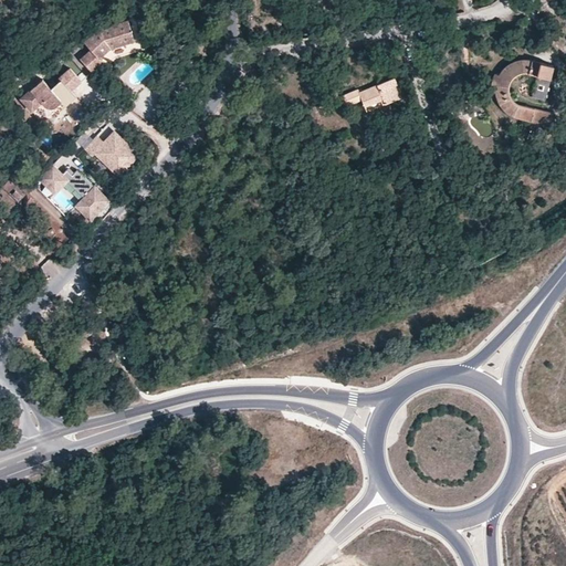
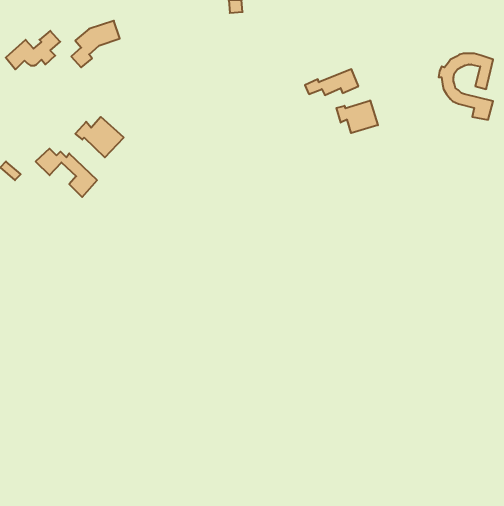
building: [20,71,81,114] -> [6,31,60,69]
building: none -> [336,100,378,133]

